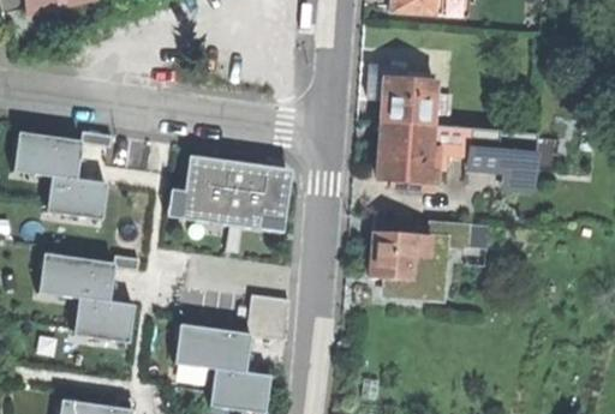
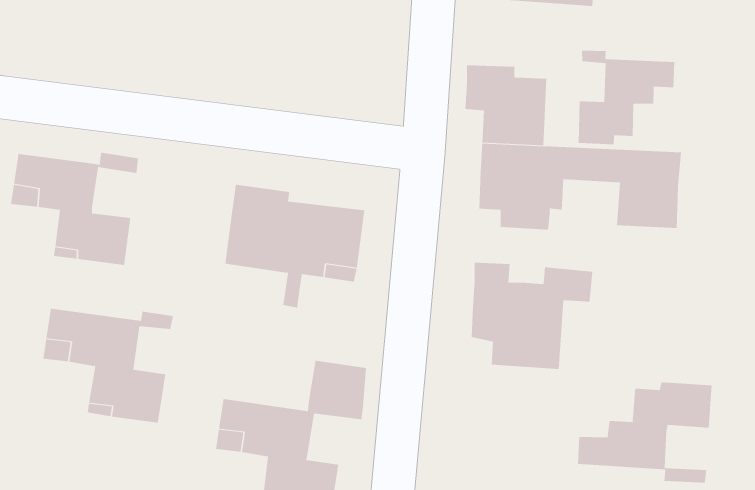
building: none -> [578,50,675,145]
building: none -> [578,381,712,483]

